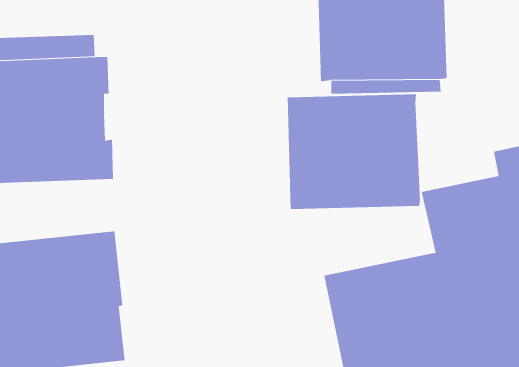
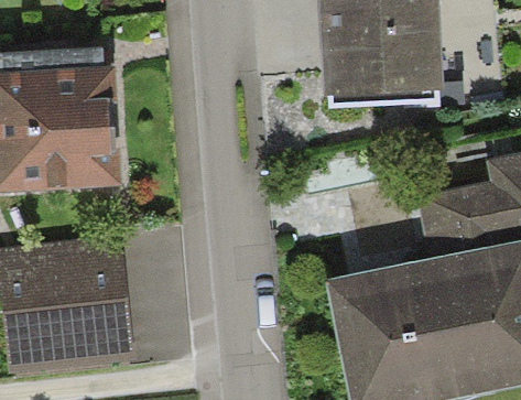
building: [287,94,421,210] -> none

